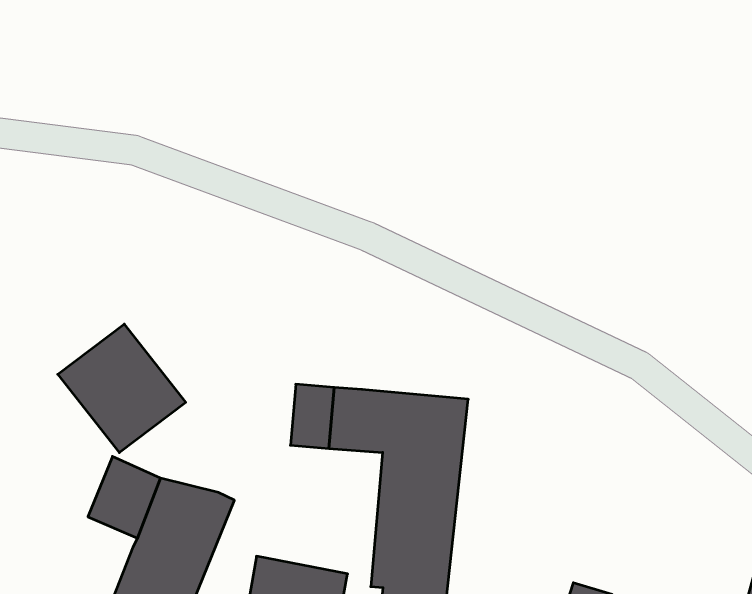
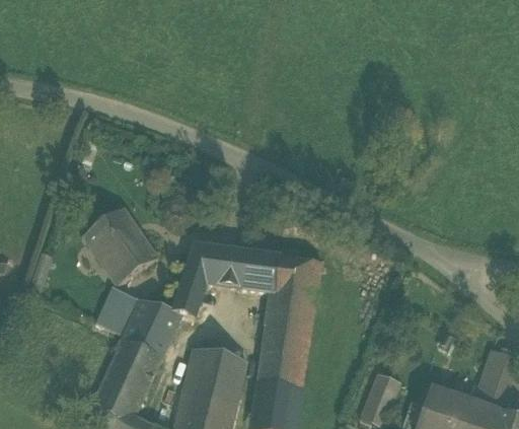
building: none -> [173,244,222,316]

